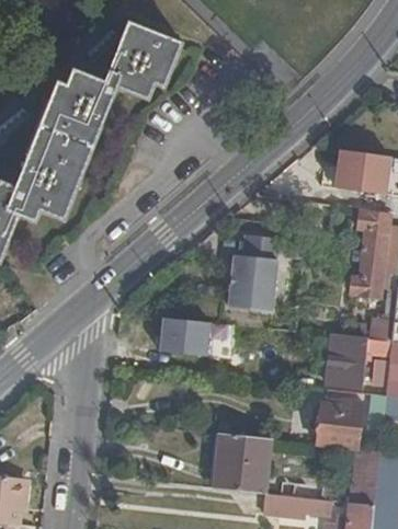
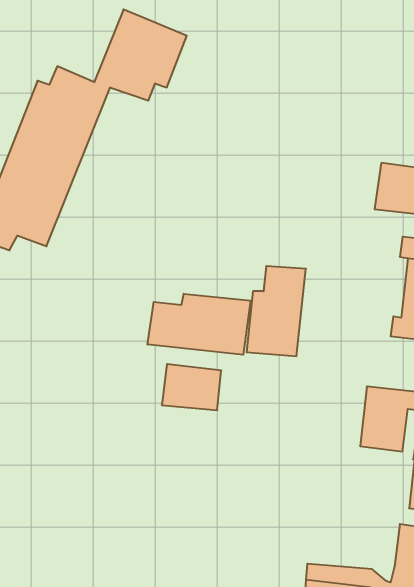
building: none -> [148,294,250,355]
building: [316,398,362,448] -> none
building: [214,434,269,493] -> none

